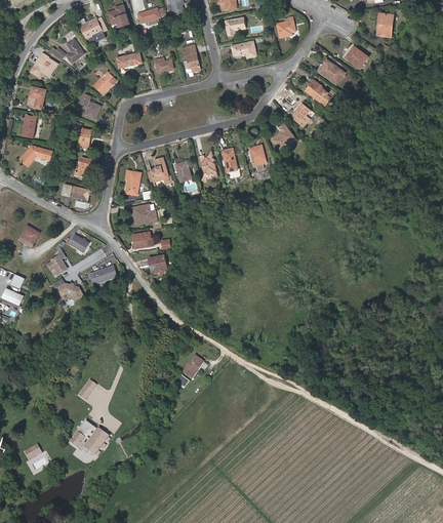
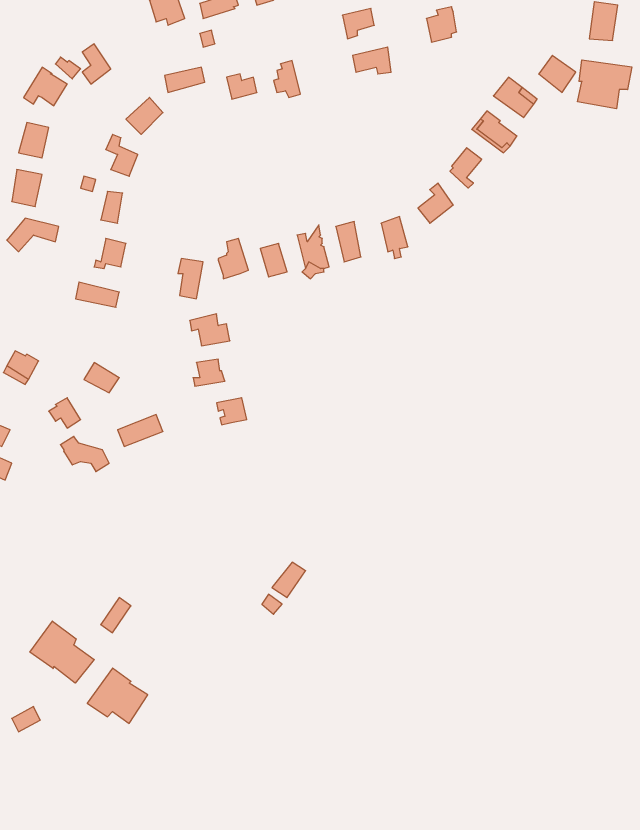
building: [78,17,106,43] -> none
building: none -> [578,60,632,109]
building: none -> [30,621,94,683]

